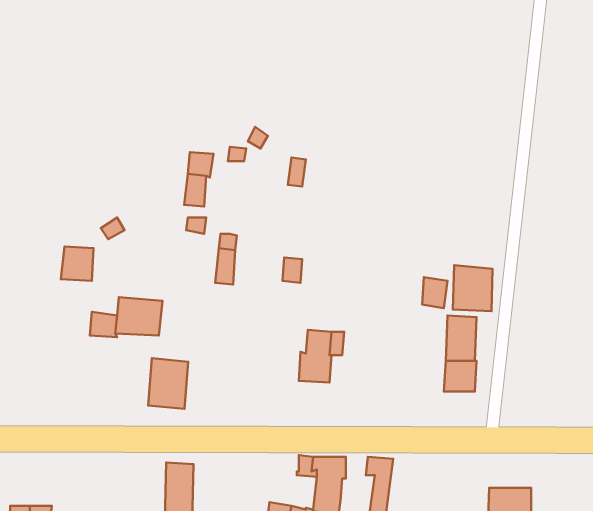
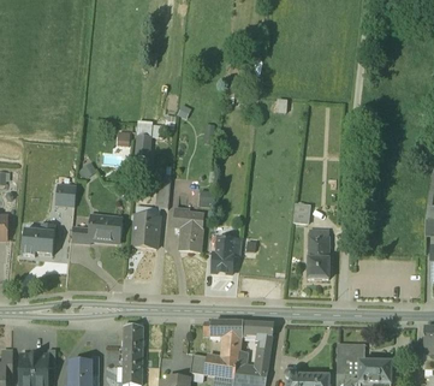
building: [453,265,493,311] -> none
building: none -> [173,212,204,251]
building: none -> [22,221,55,254]
building: [148,358,188,409] -> [132,213,159,247]

